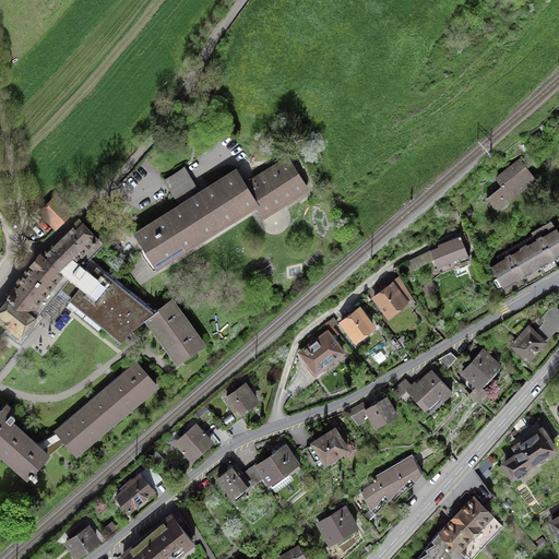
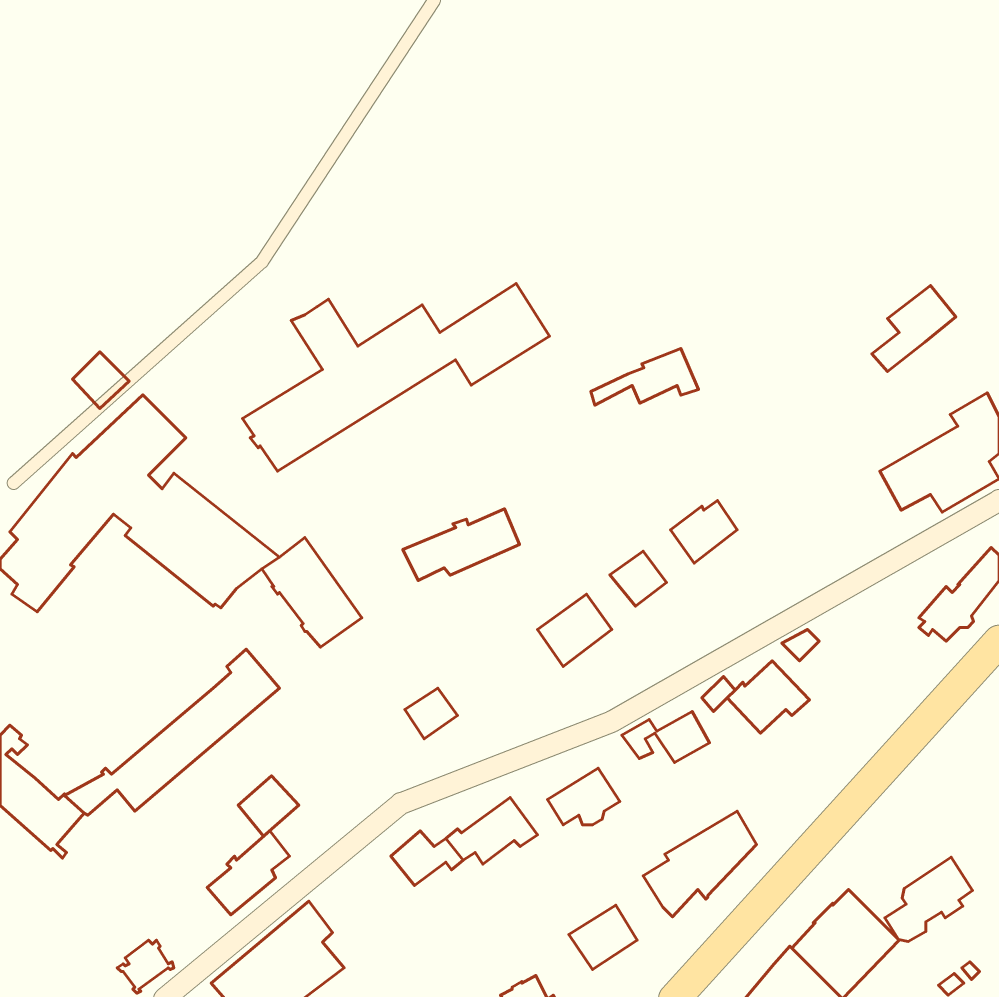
building: [409,237,469,269] -> [591,348,699,405]
building: none -> [403,509,519,580]
building: [463,352,498,386] -> none
building: [177,426,211,460] -> [238,776,299,836]
building: [504,430,554,477] -> [885,857,973,941]

